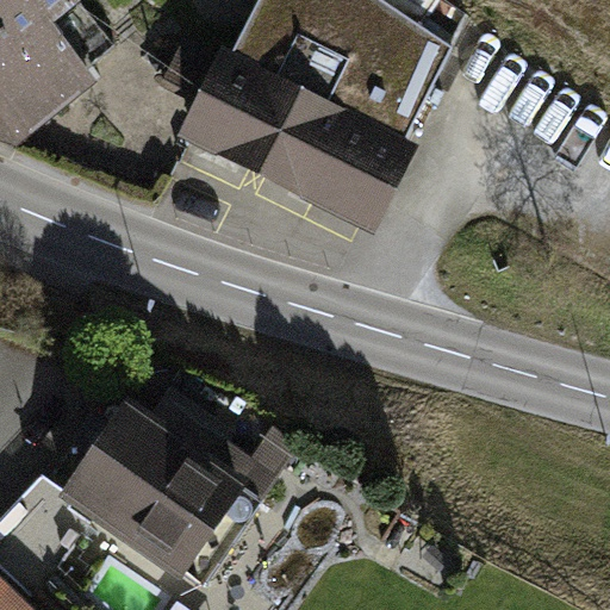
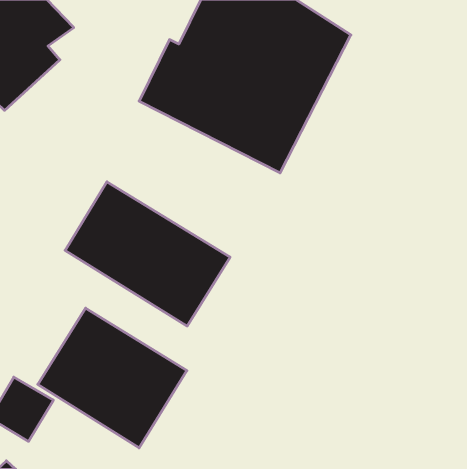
building: none -> [65,182,230,326]

